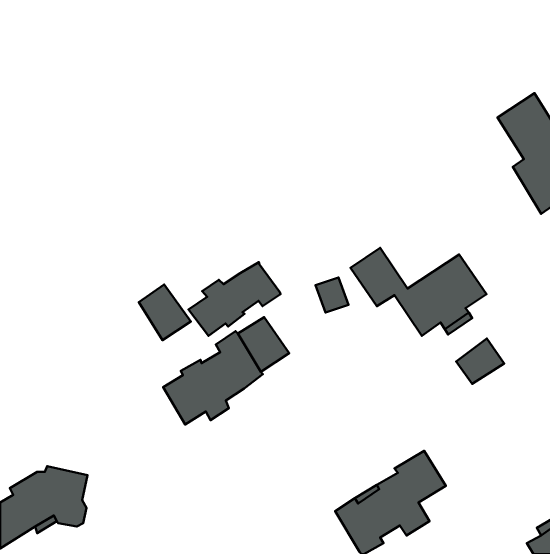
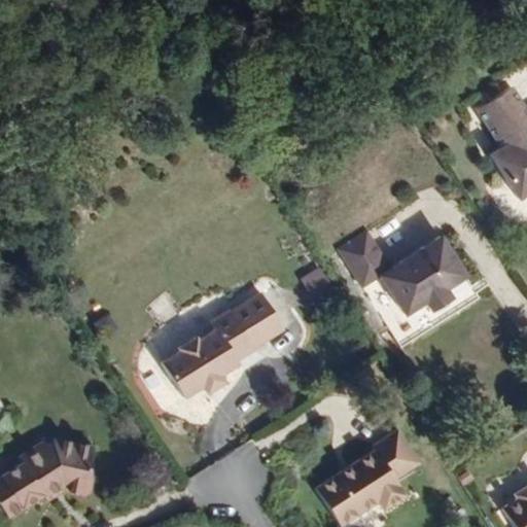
building: [189,262,281,336] -> none
building: [139,285,191,340] -> none
building: [456,338,504,384] -> none

